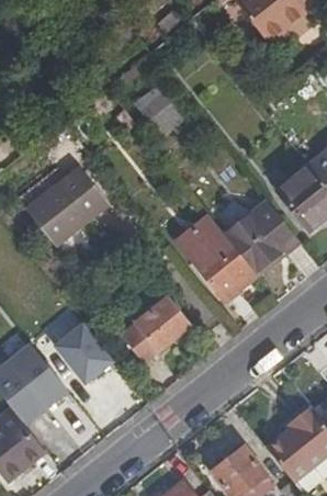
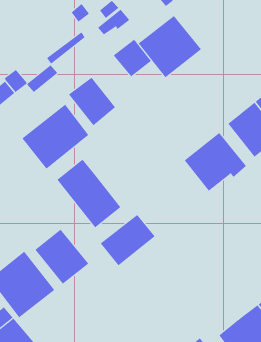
building: none -> [138,15,202,78]
building: none -> [68,77,116,126]
building: [178,216,256,300] -> [56,159,121,228]

